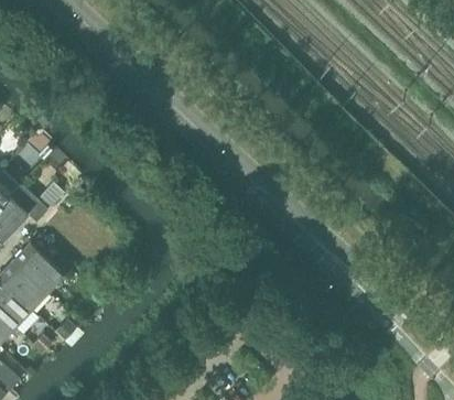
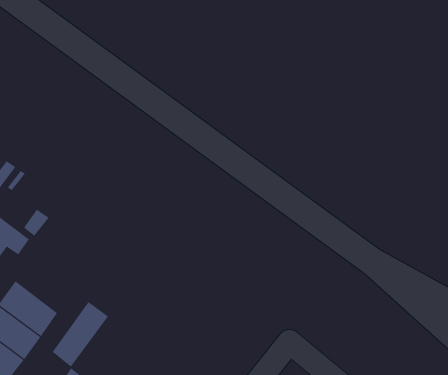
building: none -> [52,301,109,368]

